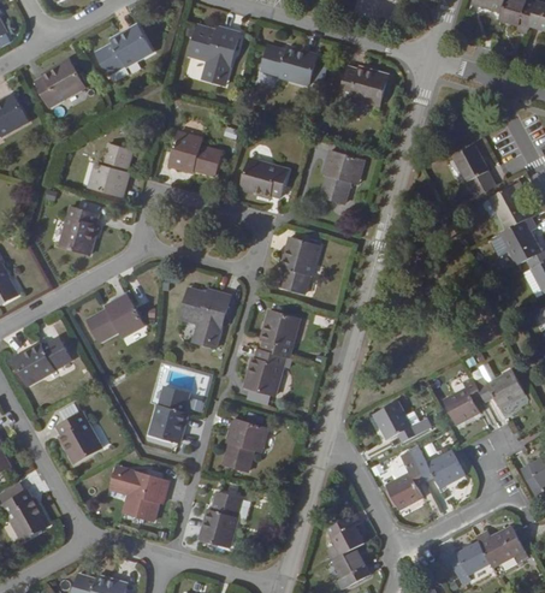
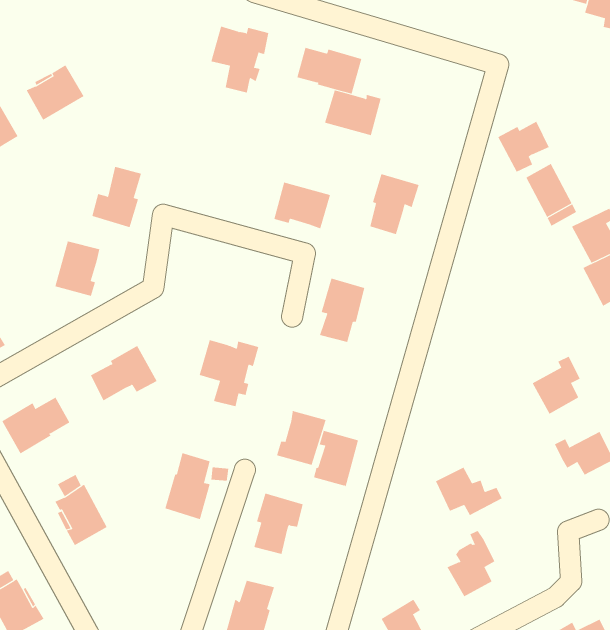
building: [94,25,150,75] -> none
building: [339,69,387,107] -> [324,90,382,136]
building: none -> [498,121,550,172]
building: [170,134,221,176] -> none
building: [260,312,298,360] -> [313,430,359,487]
building: [444,374,485,423] -> [532,356,581,415]
building: [419,446,469,485] -> none
building: [112,469,170,521] -> none

